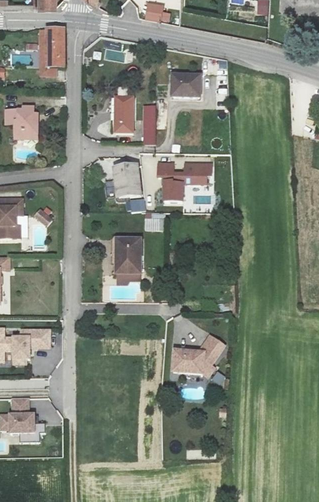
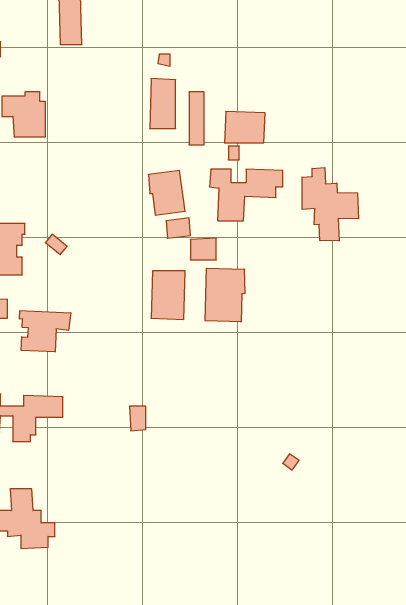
building: [172,76,202,99] -> [224,112,265,143]
building: none -> [302,168,359,241]
building: none -> [205,268,245,322]
building: none -> [20,311,71,352]
building: [174,334,224,373] -> none

